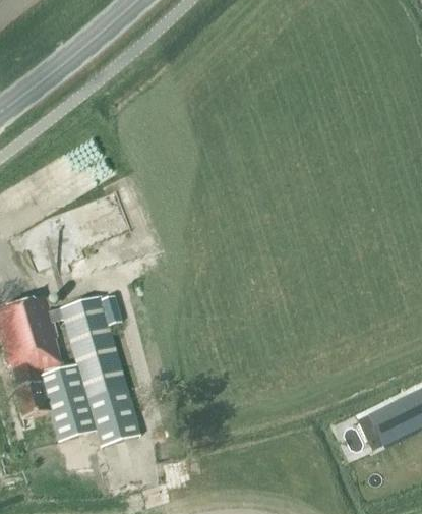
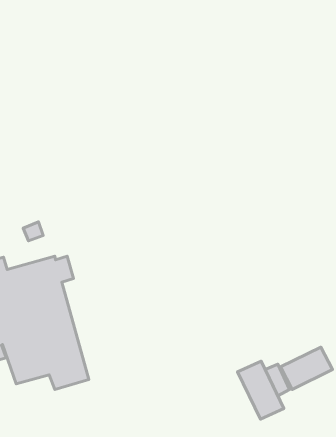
building: none -> [237,361,284,419]

